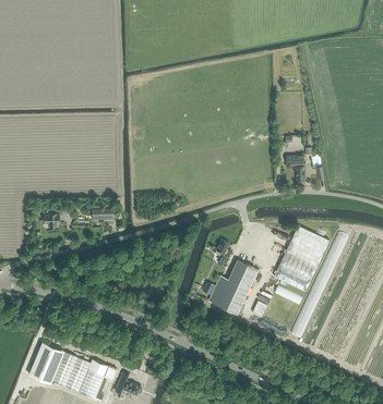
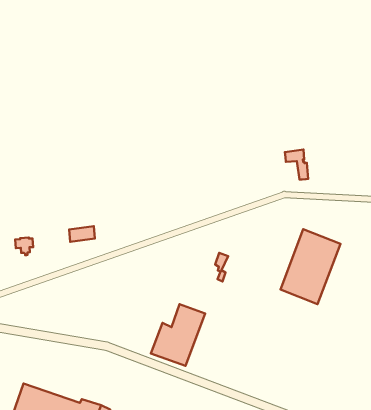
building: [208,260,259,315] -> [151,304,205,366]

